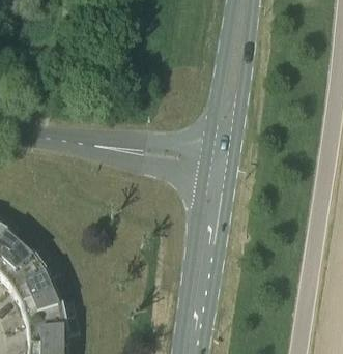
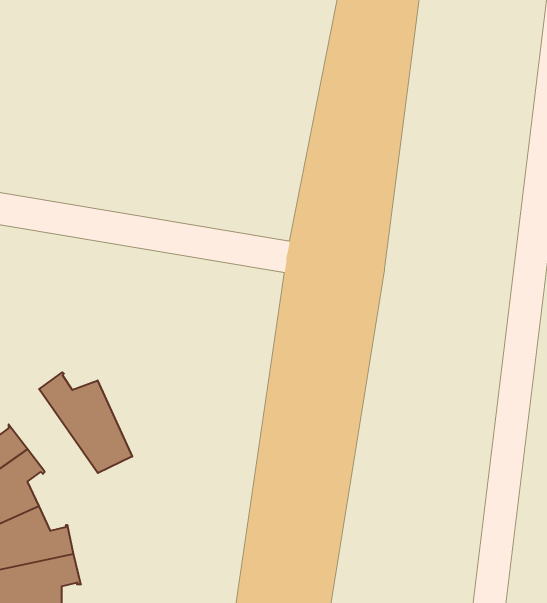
building: none -> [39,372,132,473]

